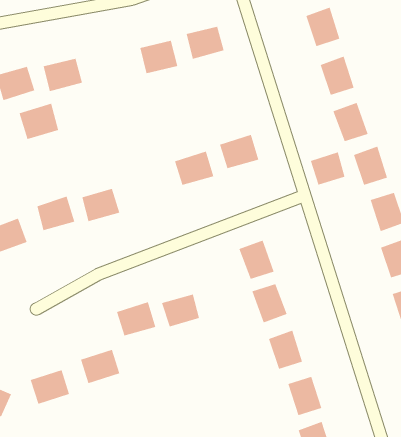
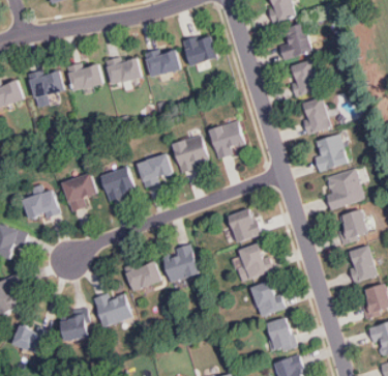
building: none -> [108,58,139,85]
building: [19,103,59,140] -> none
building: [310,152,345,185] -> none
building: none -> [138,154,170,182]

